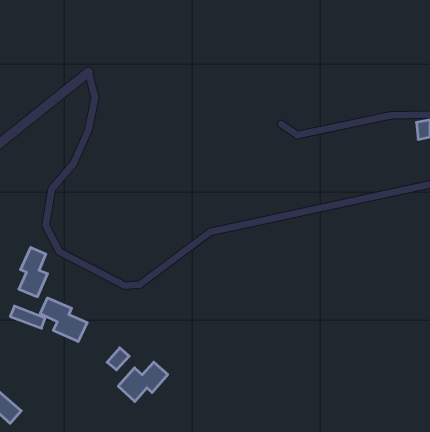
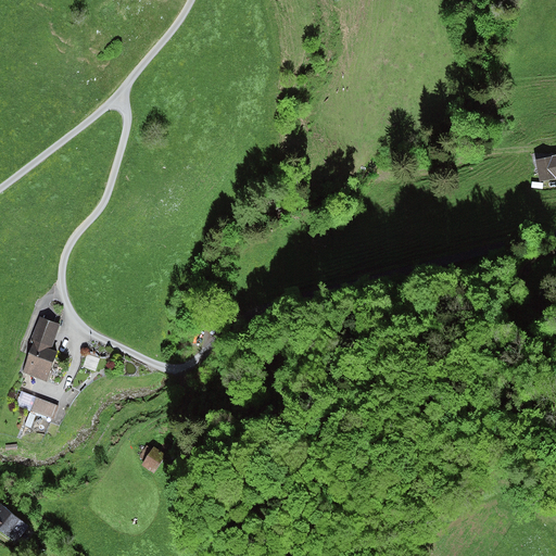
building: [40,298,87,342] -> none
building: [118,362,168,402] -> none

